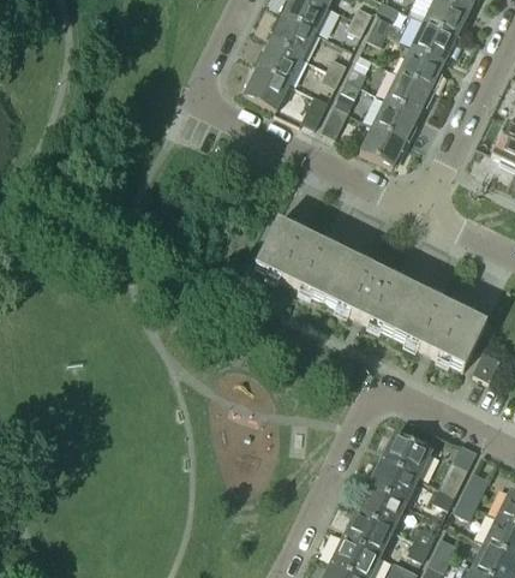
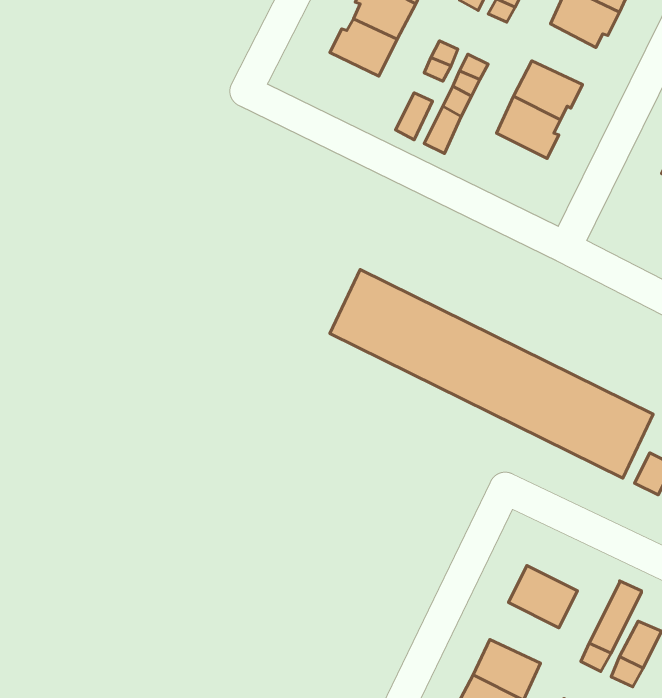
building: [400,43,445,87] -> none
building: [246,64,291,107] -> none
building: [361,121,411,165] -> none
building: [370,457,419,500] -> none

